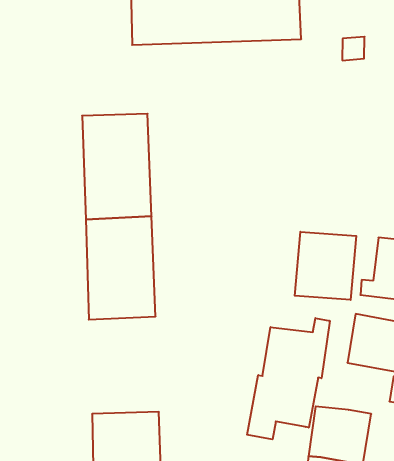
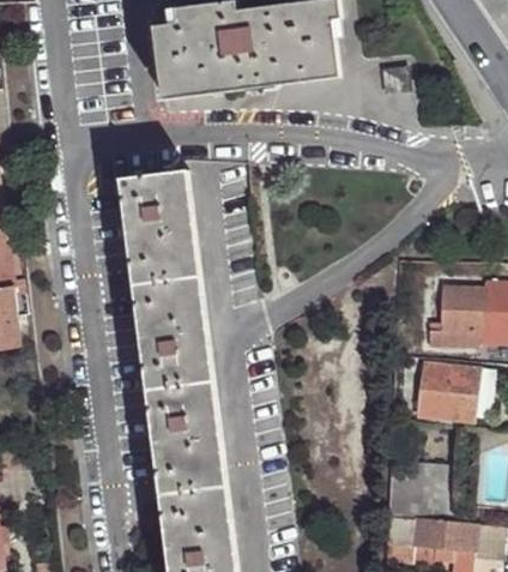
building: [295,232,356,300] -> none
building: none -> [143,381,223,488]
building: [247,318,330,439] -> none

